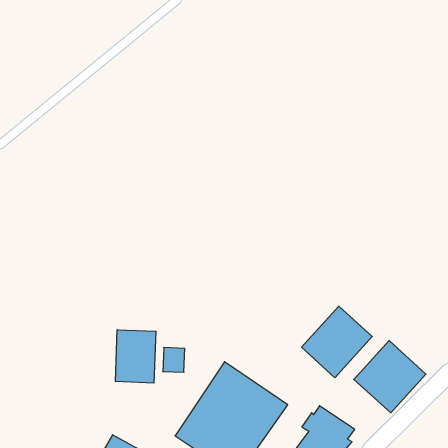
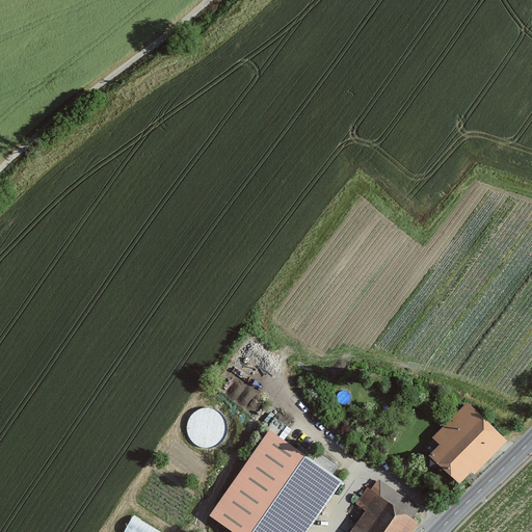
building: [302,306,372,378] -> none
building: [115,330,156,383] -> none

